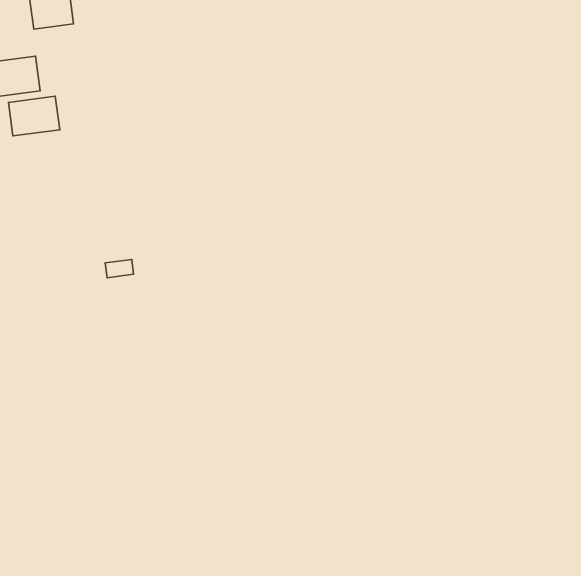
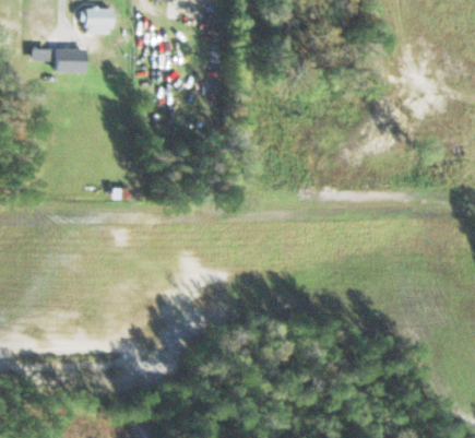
building: [8,96,60,136] -> none

